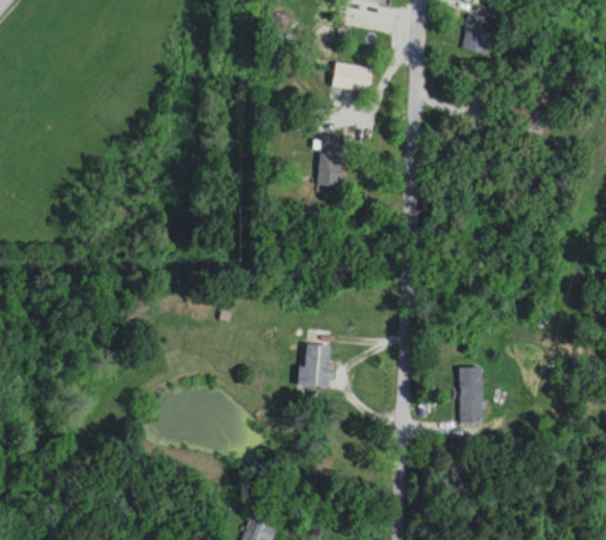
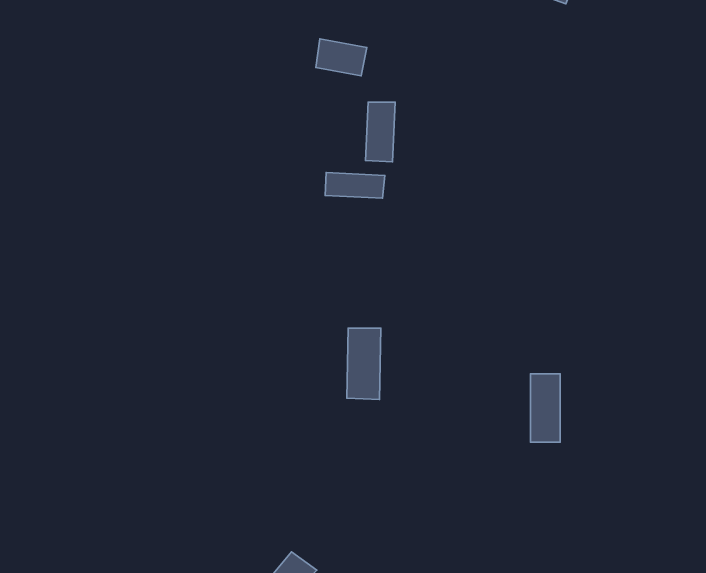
building: [331,61,374,92] -> [316,39,367,76]
building: none -> [325,173,385,198]

